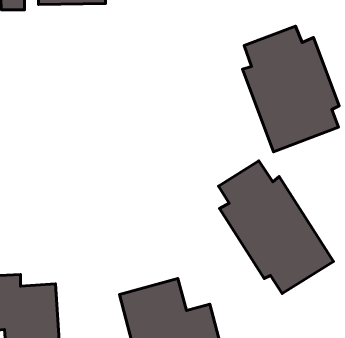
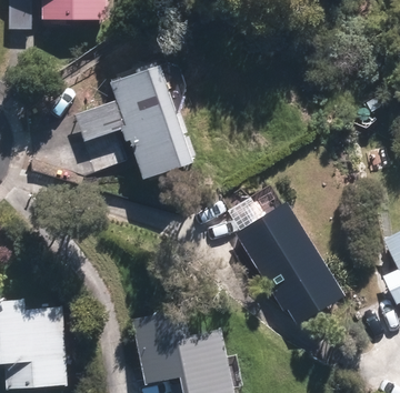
building: [242,26,339,152] -> none
building: none -> [77,60,206,181]

